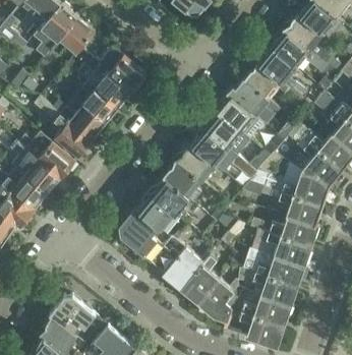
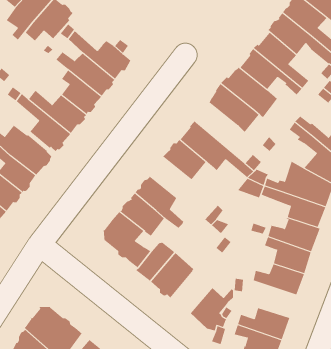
building: [202,112,248,156] -> none
building: [162,161,201,202] -> none
building: [181,255,219,302] -> none
building: [252,273,295,306] -> none

